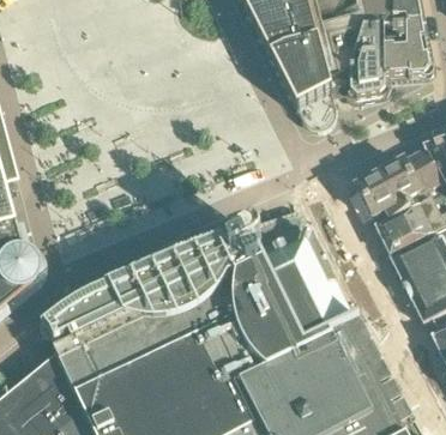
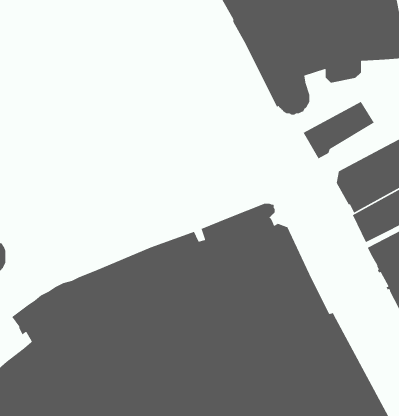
building: none -> [303,101,375,159]

